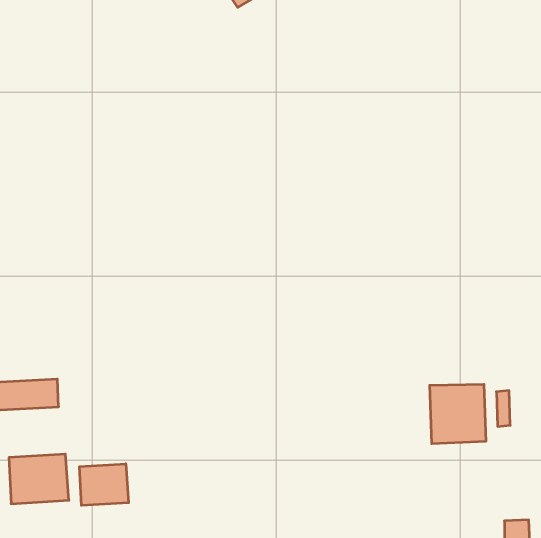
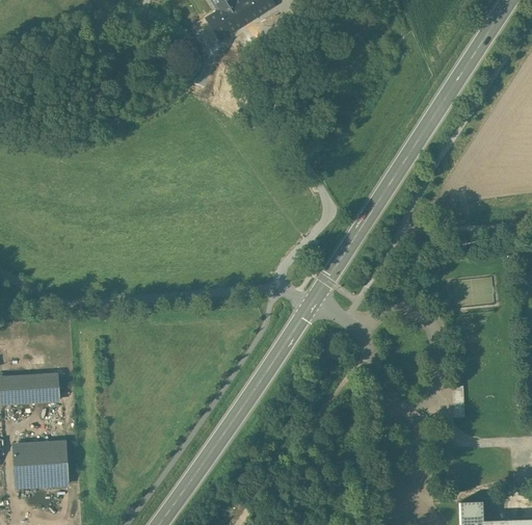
building: [430,384,486,444] -> none
building: [80,464,129,505] -> none

